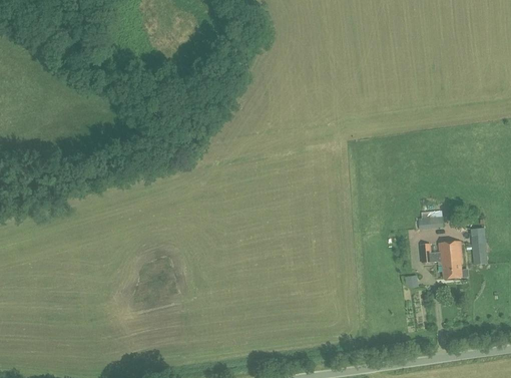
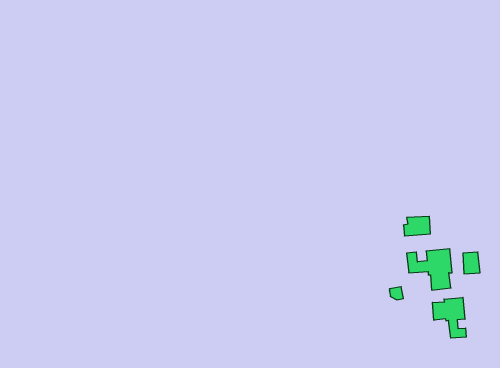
building: none -> [433,297,466,338]

